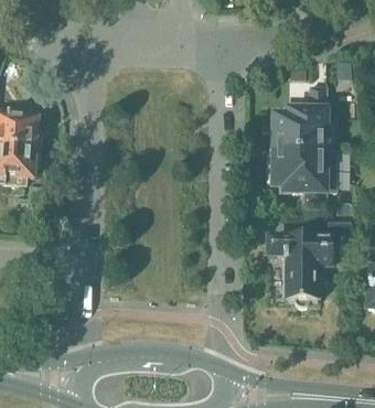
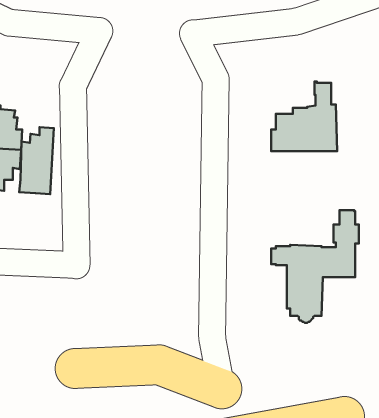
building: none -> [19,127,54,194]
building: [269,148,340,204] -> none

